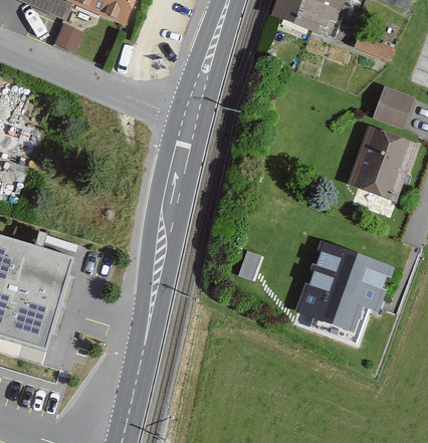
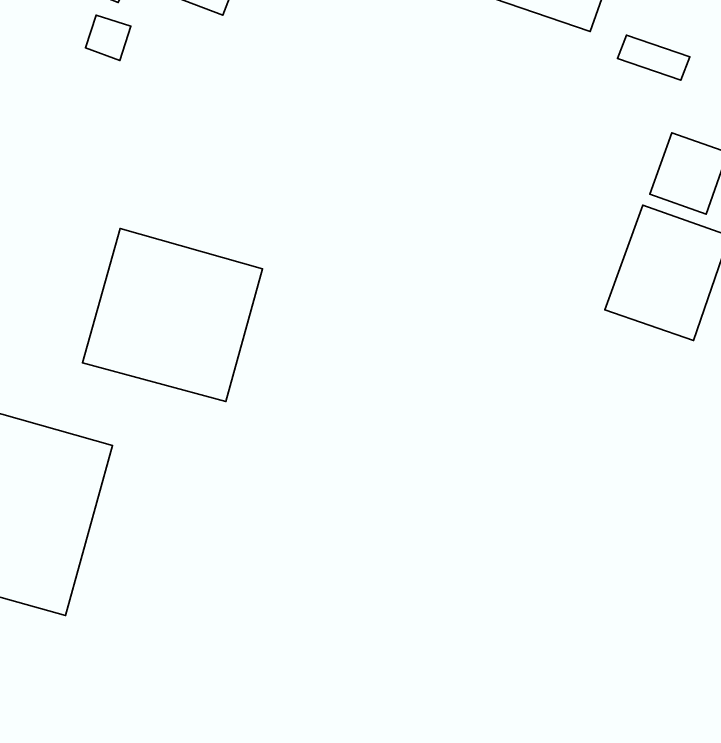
building: none -> [83,229,263,402]
building: [295,240,390,334] -> none

